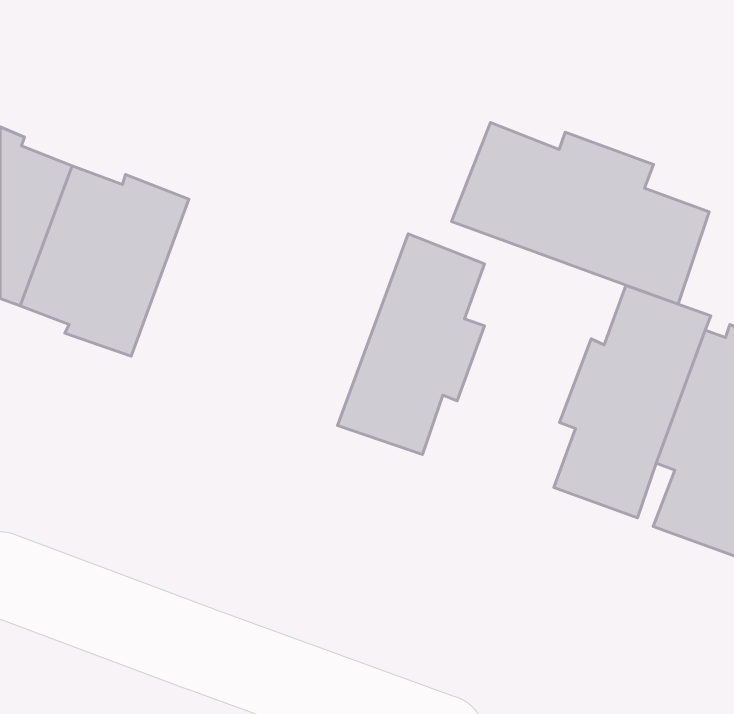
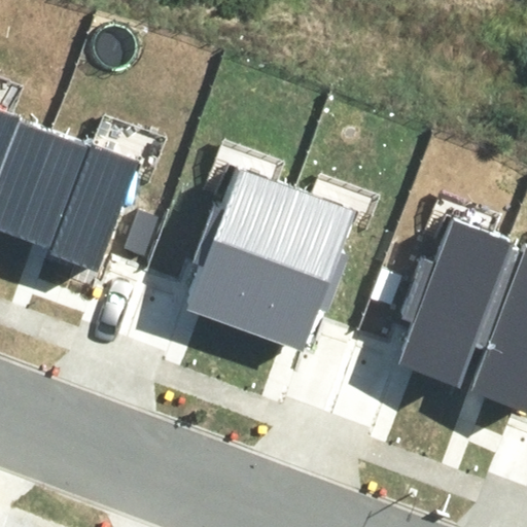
building: [452,123,709,304] -> none
building: none -> [185,163,293,320]

